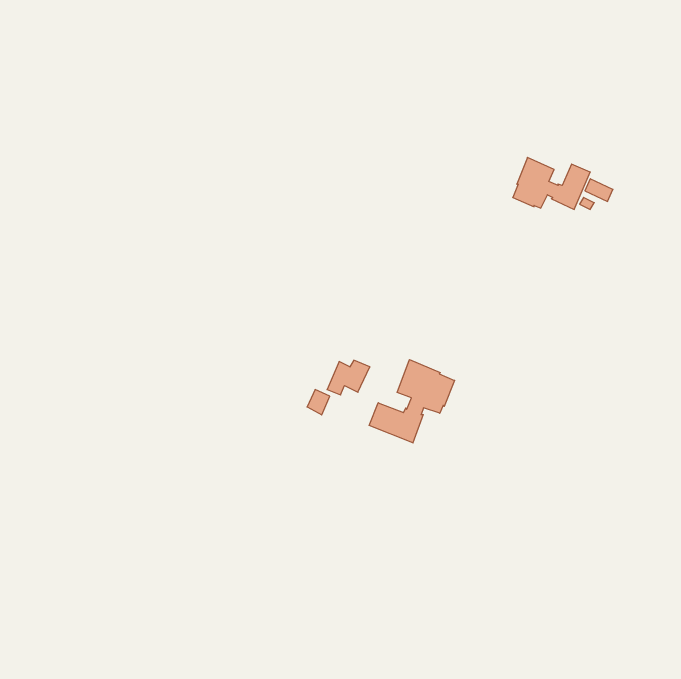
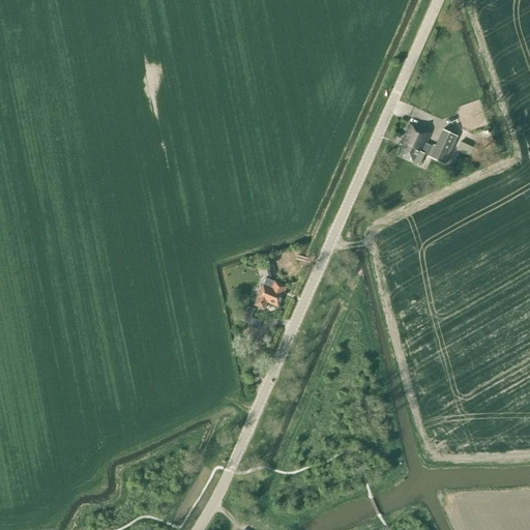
building: [369,360,455,443] -> none

